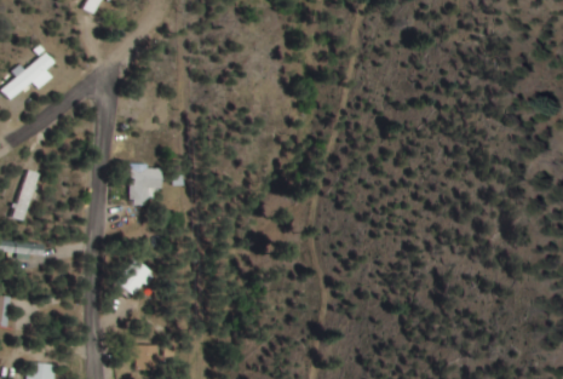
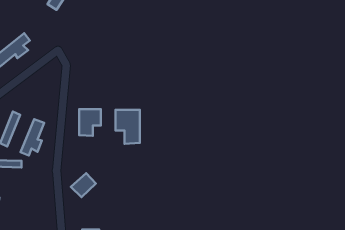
building: none -> [115,110,140,144]
building: none -> [21,119,44,155]

